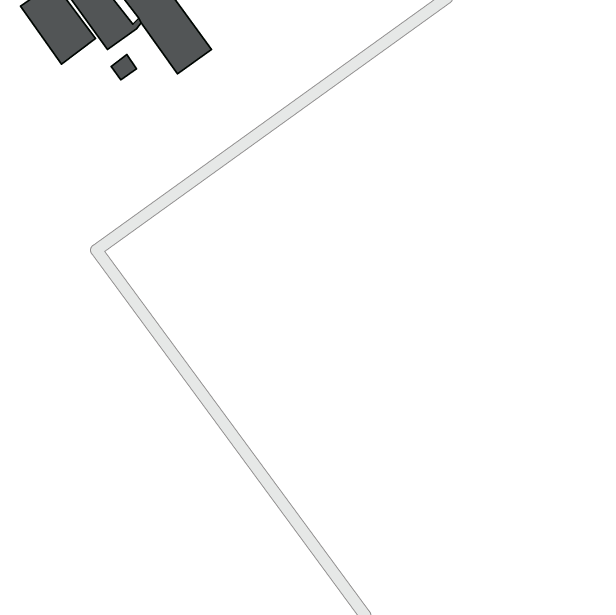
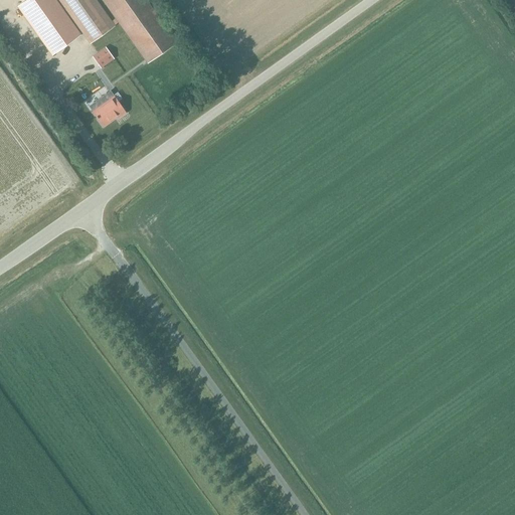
building: none -> [94,94,127,125]

